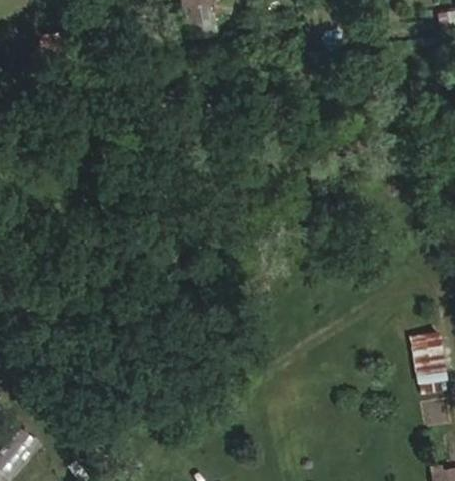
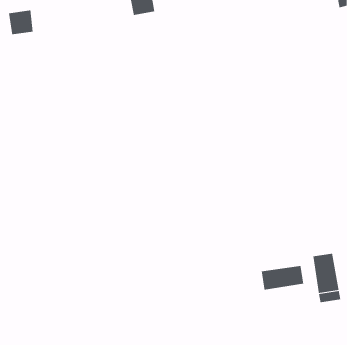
building: none -> [261,265,304,290]

